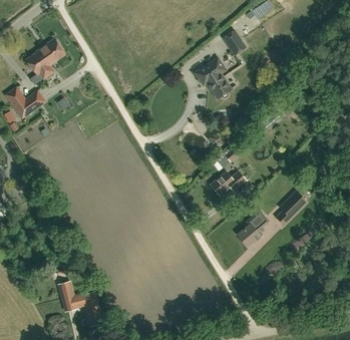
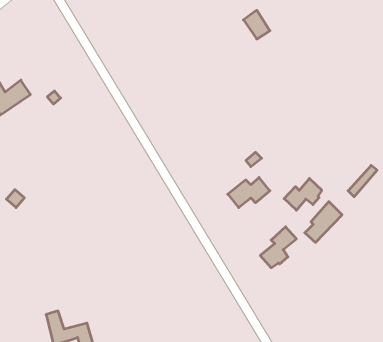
building: [26,38,64,78] -> none
building: [196,58,232,98] -> none
building: none -> [284,178,322,210]

